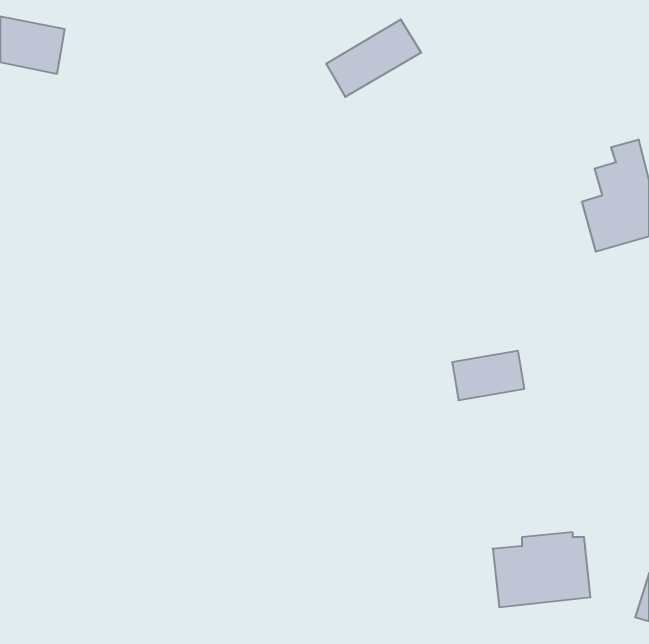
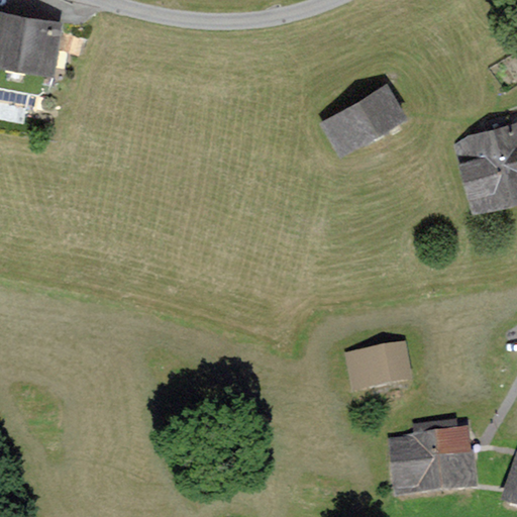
building: [326,19,421,97] -> [324,89,400,150]
building: [452,351,524,400] -> [348,347,406,387]

